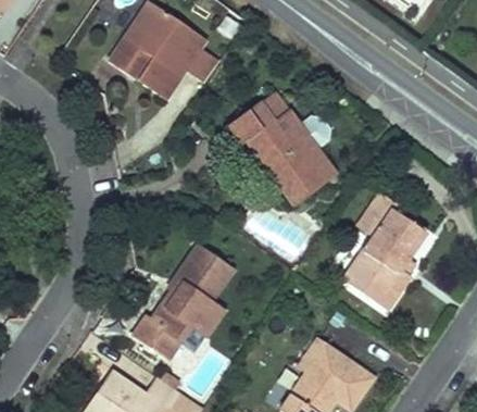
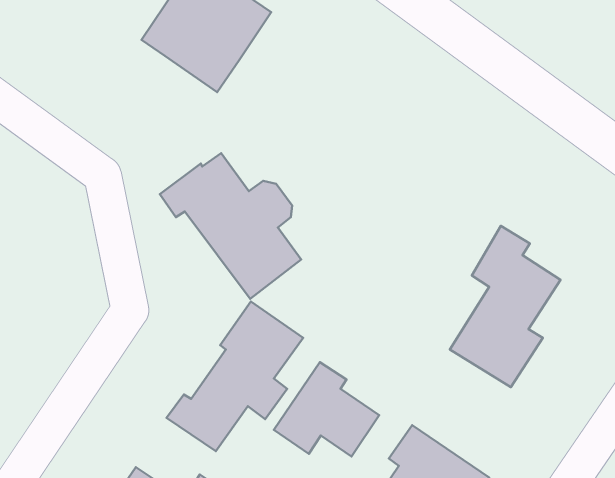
building: [231,92,337,201] -> [160,153,301,299]
building: none -> [274,362,379,456]

